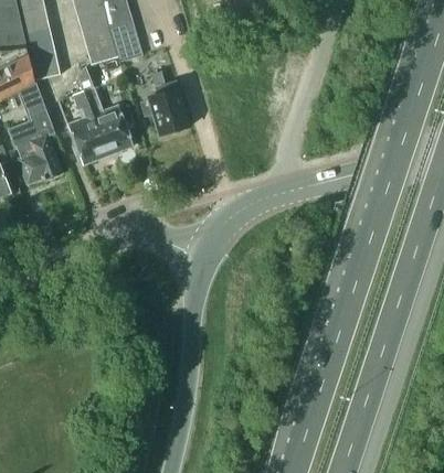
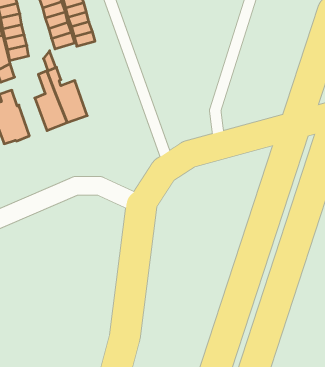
building: [140,76,188,135] -> none

